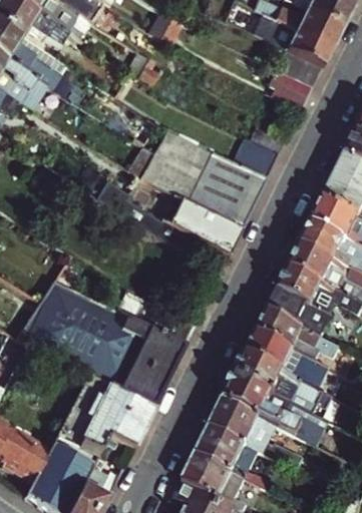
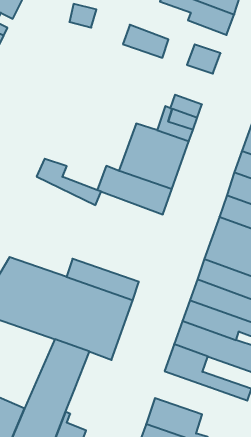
building: [272,47,322,87] -> [123,25,168,58]
building: [137,129,212,201] -> none
building: [109,394,153,446] -> none
building: [196,425,281,493] -> none

